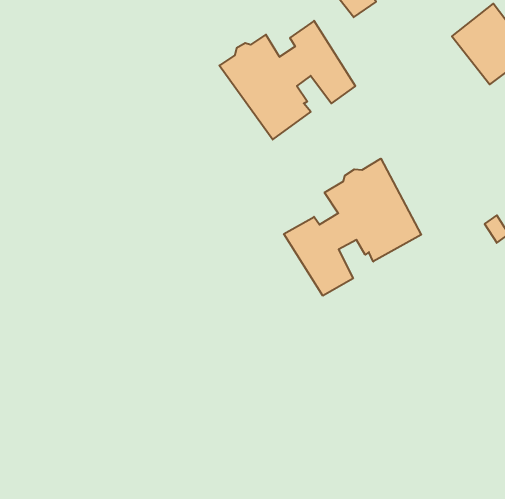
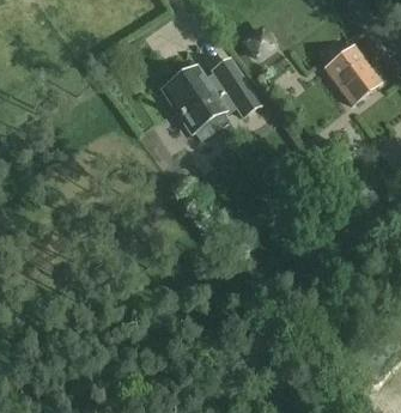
building: [284,159,421,296] -> none

